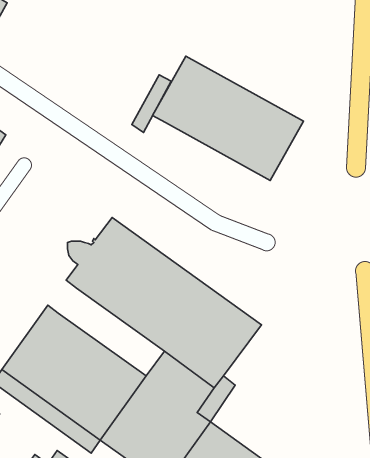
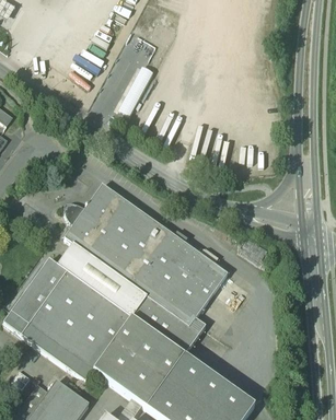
building: [153,56,303,180] -> none
building: none -> [58,243,147,316]

